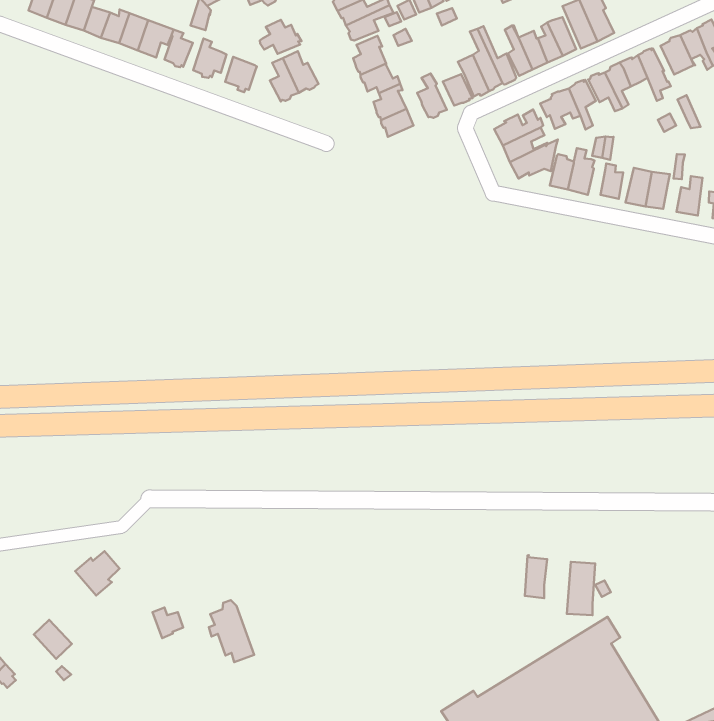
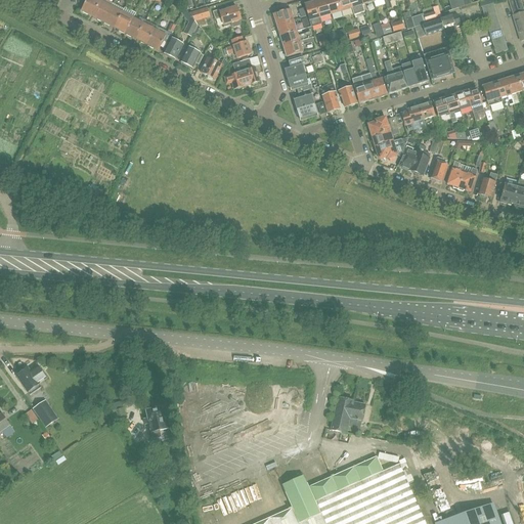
building: [75,551,120,596] -> [17,365,46,393]
building: [567,562,595,615] -> [331,397,353,433]

